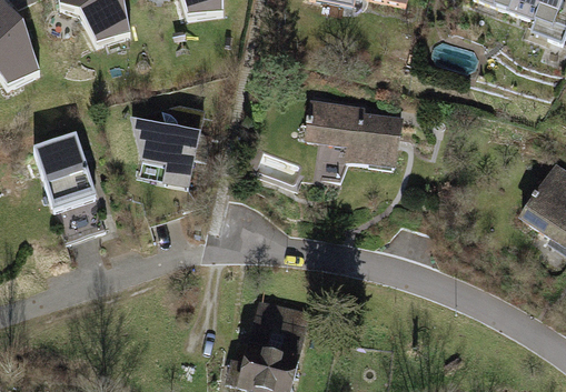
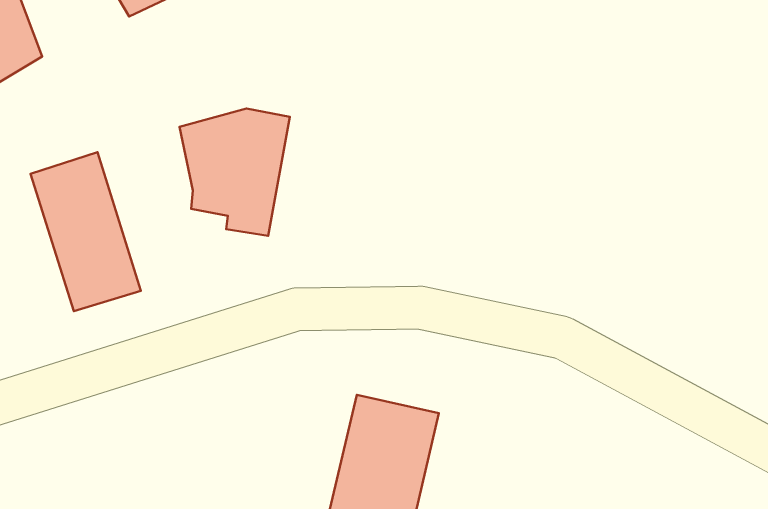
building: [306,98,405,168] -> none

